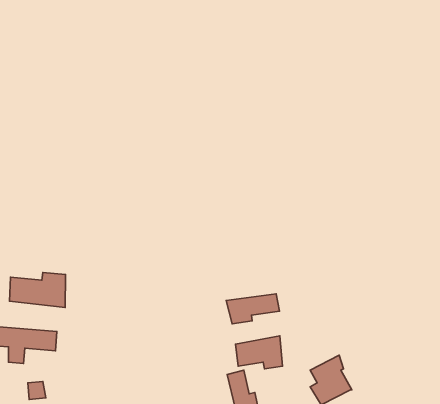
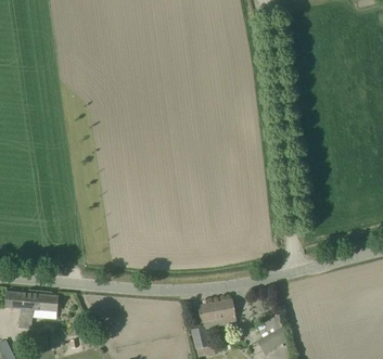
building: [9,273,65,307] -> none
building: [226,294,280,324] -> none

